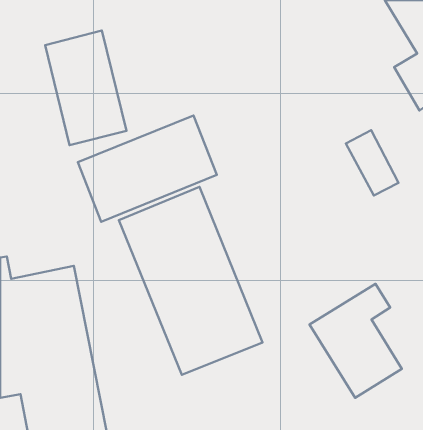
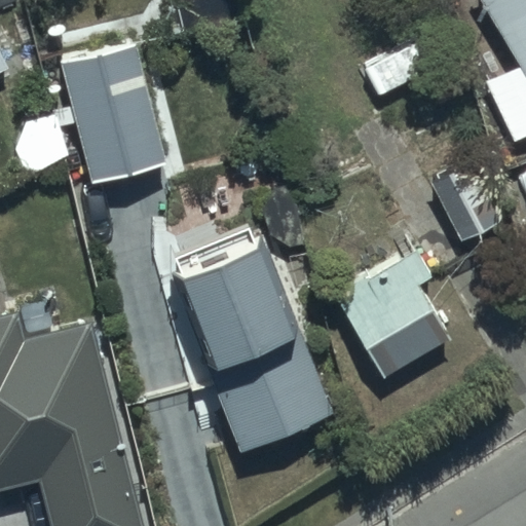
building: [78,115,217,222] -> none
building: [309,284,402,398] -> [330,240,442,378]

